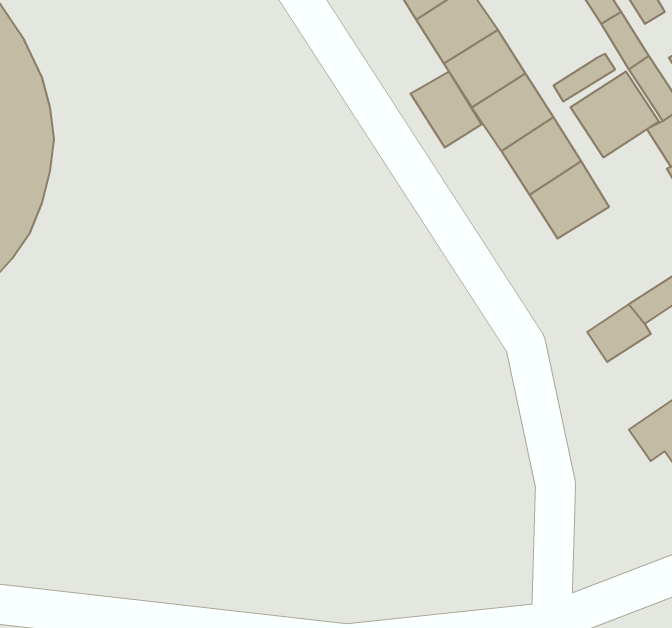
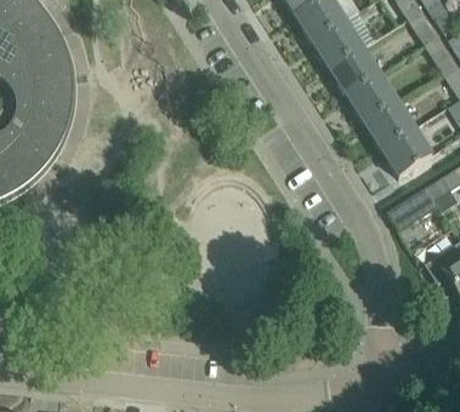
building: [571,71,659,157] -> none
building: [410,71,482,148] -> none
building: none -> [381,128,431,176]

